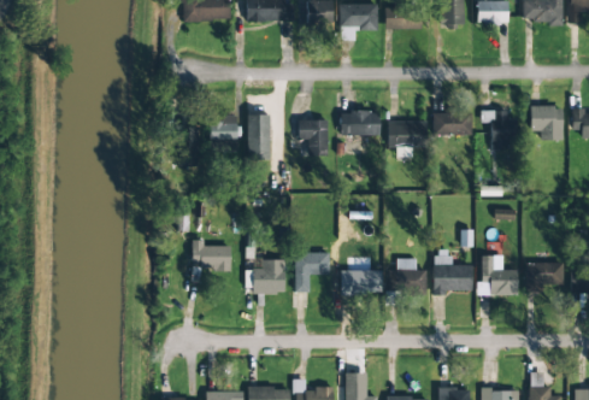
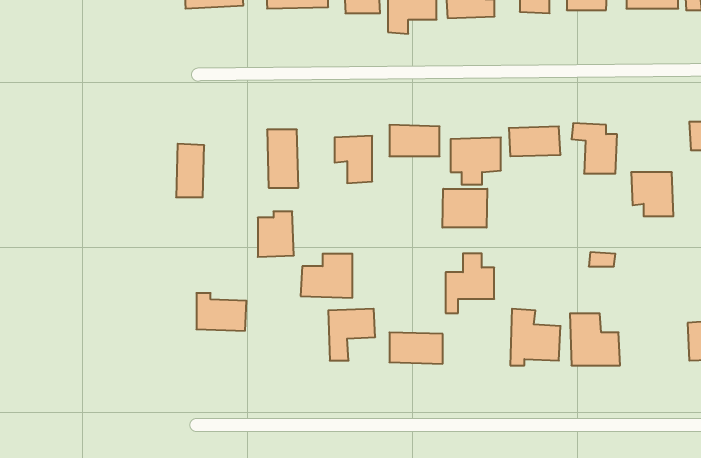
building: [530,106,563,140] -> [631,172,673,216]
building: [210,116,237,151] -> [258,211,294,257]
building: none -> [442,189,487,228]
building: [245,259,284,293] -> [301,254,352,298]
building: [388,259,425,305] -> [446,253,494,313]
building: [525,263,563,292] -> none

